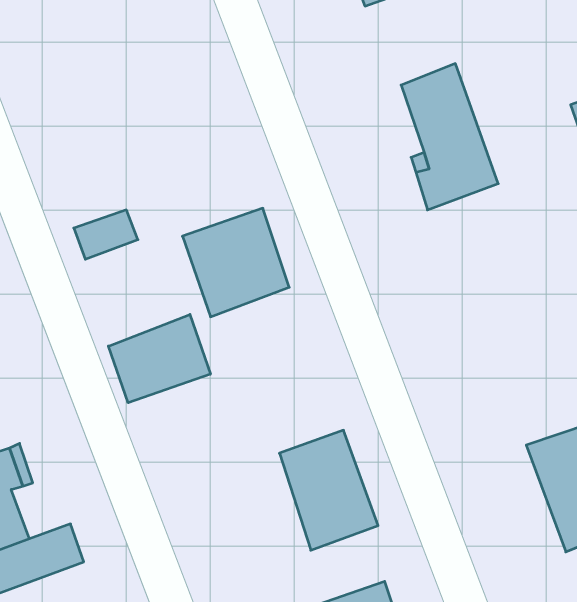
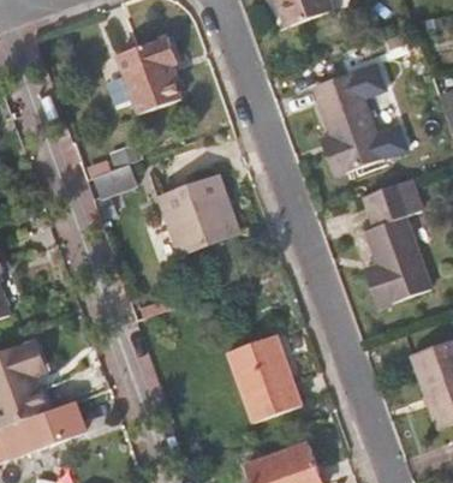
building: none -> [117,34,178,112]
building: none -> [362,174,430,303]
building: [108,314,210,403] -> none

